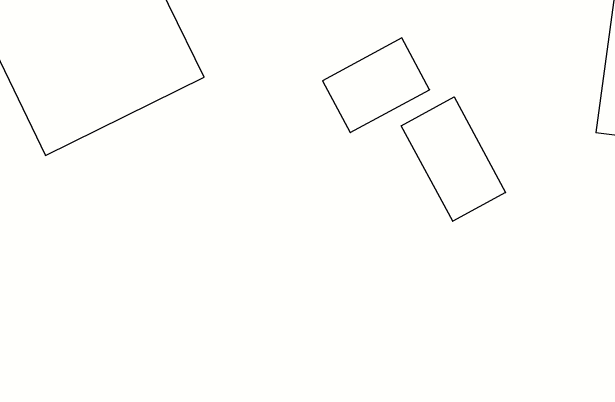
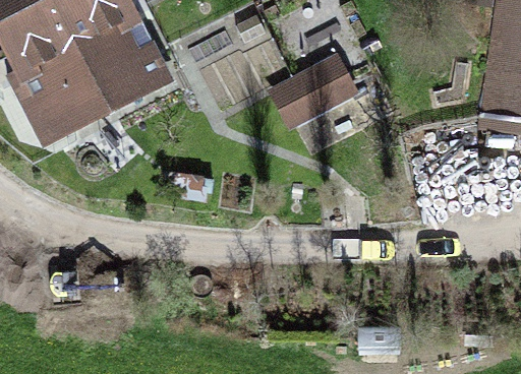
building: [401,97,506,221] -> none

